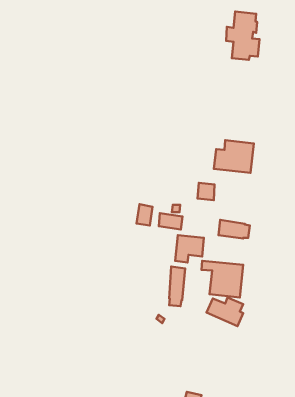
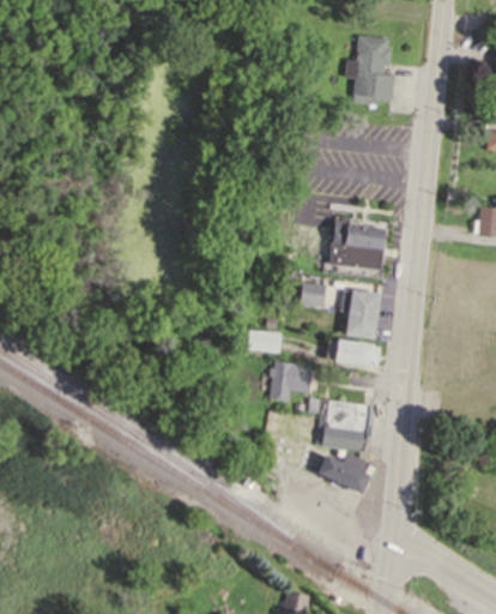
building: none -> [345,288,381,338]
building: [137,204,153,225] -> none
building: [169,267,185,306] -> none

